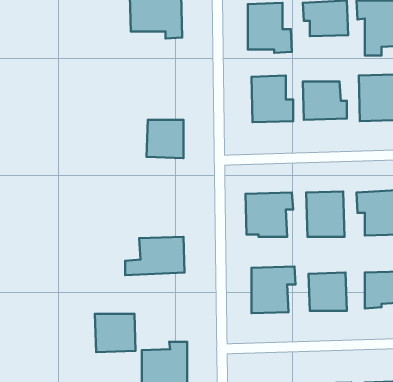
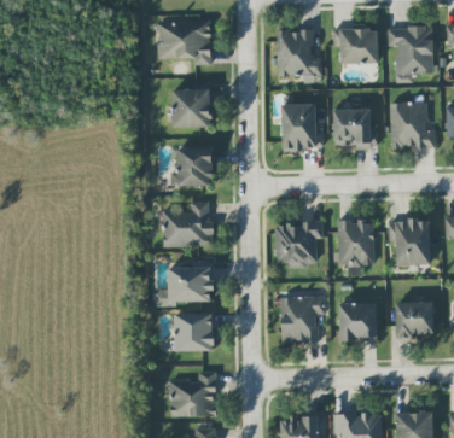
building: none -> [171,88,210,127]
building: none -> [162,200,211,247]
building: [95,314,136,352] -> [173,313,214,351]

